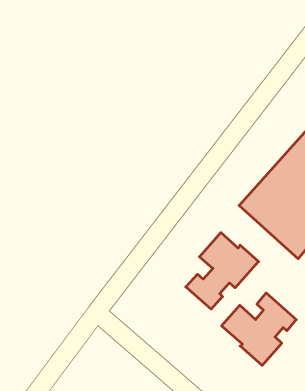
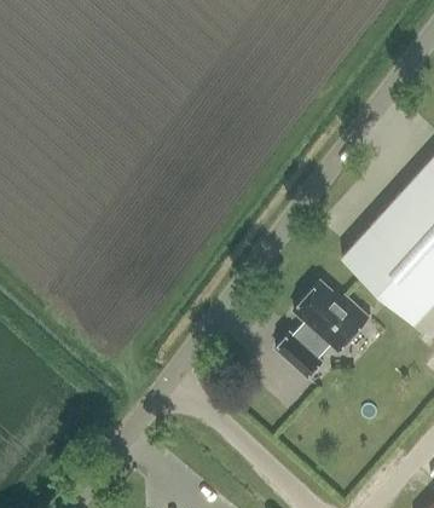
building: [222,293,296,365] -> none

